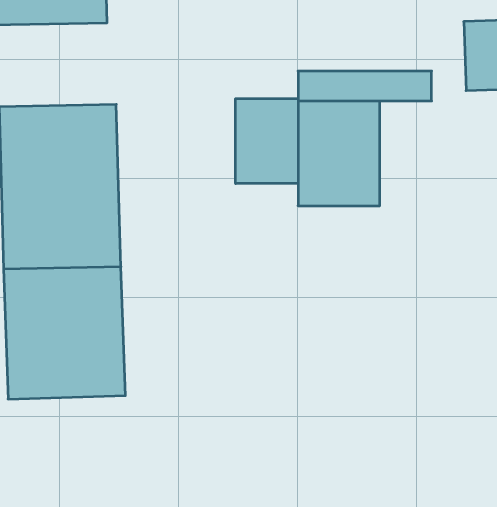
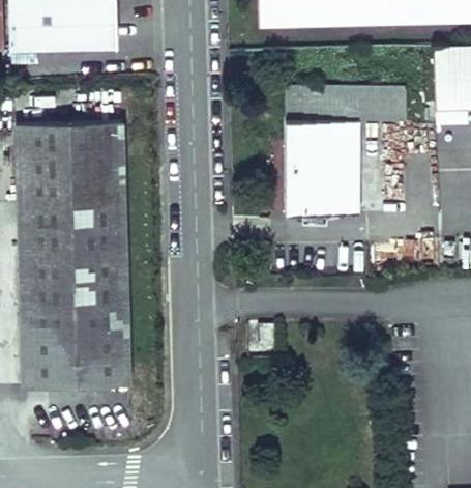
building: [236,99,298,184] -> none

